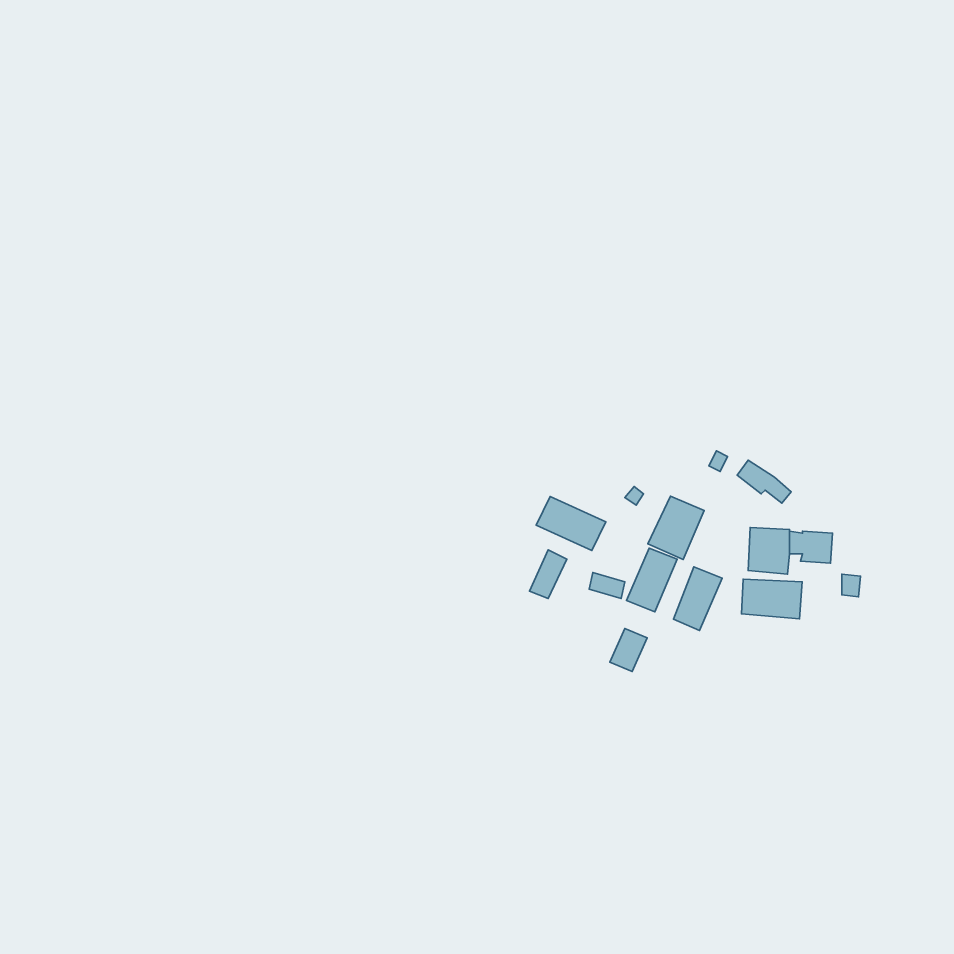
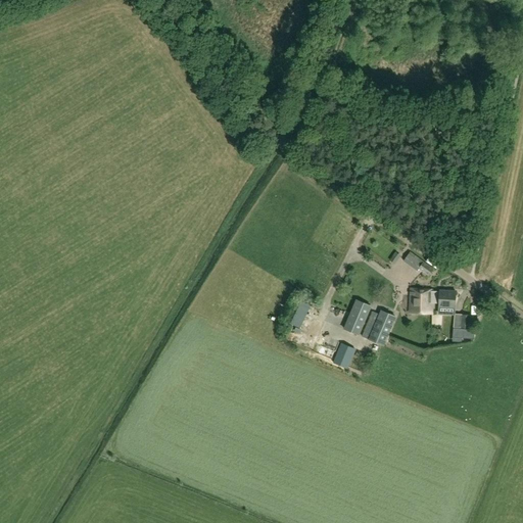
building: [648,496,704,560] -> none
building: [536,496,606,551] -> none
building: [741,579,802,619] -> none

